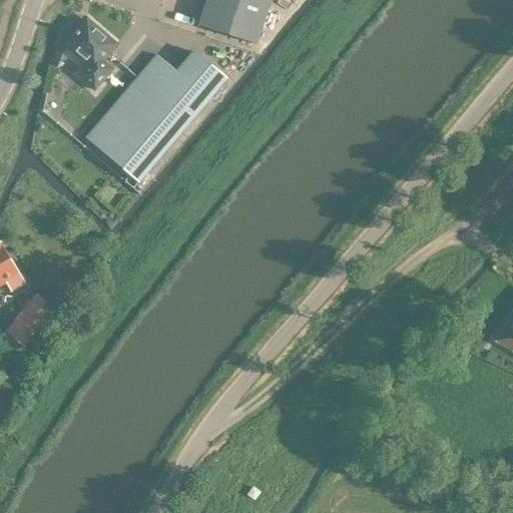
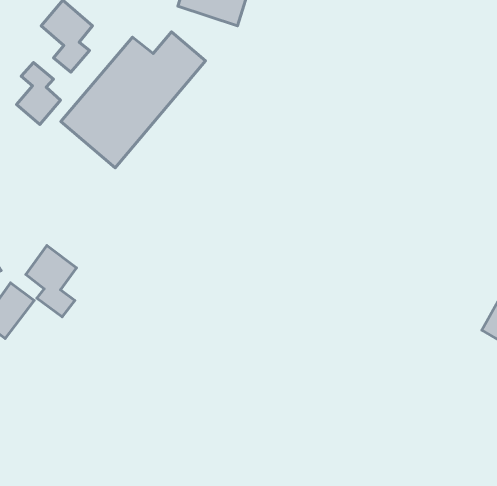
building: none -> [17,62,60,125]
building: none -> [26,246,77,317]

